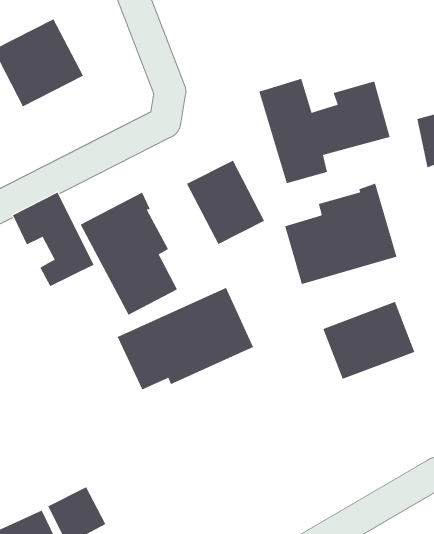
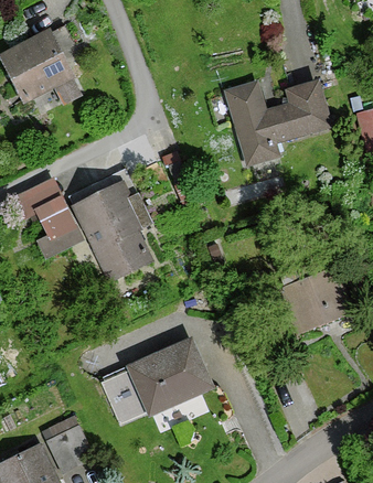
building: [186,160,265,245] -> none
building: [284,183,397,285] -> none
building: [117,287,254,390] -> [99,339,215,426]

